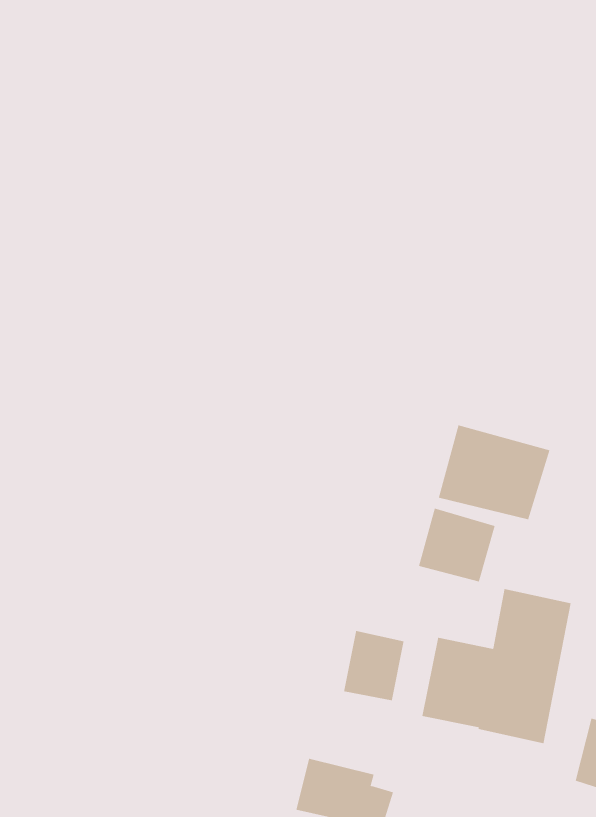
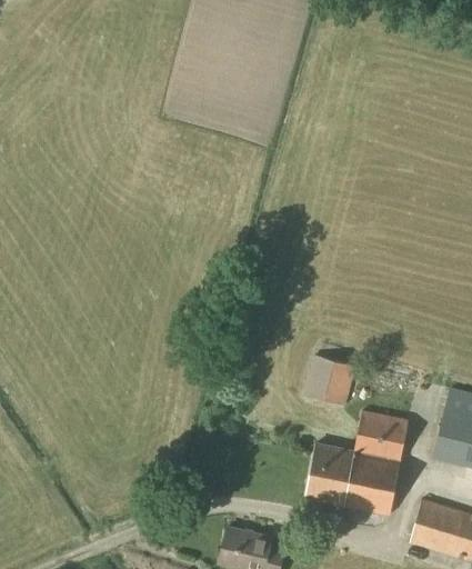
building: [438,424,550,520] -> none
building: [343,630,404,701] -> none

